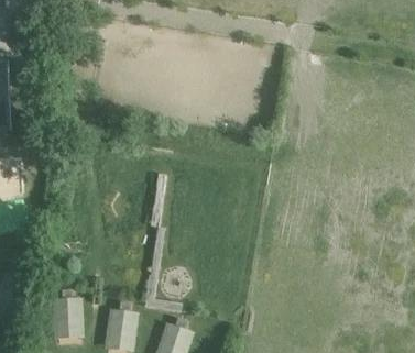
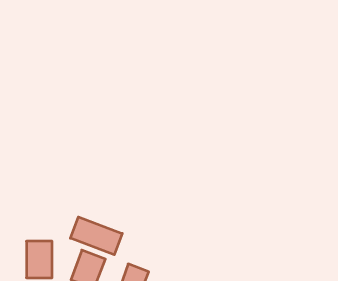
building: none -> [70,217,122,255]

